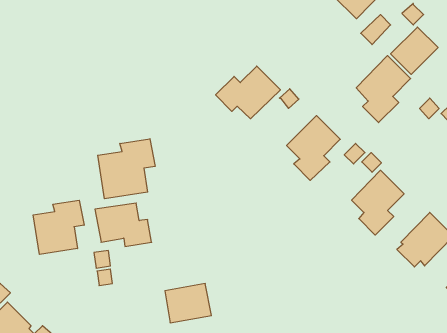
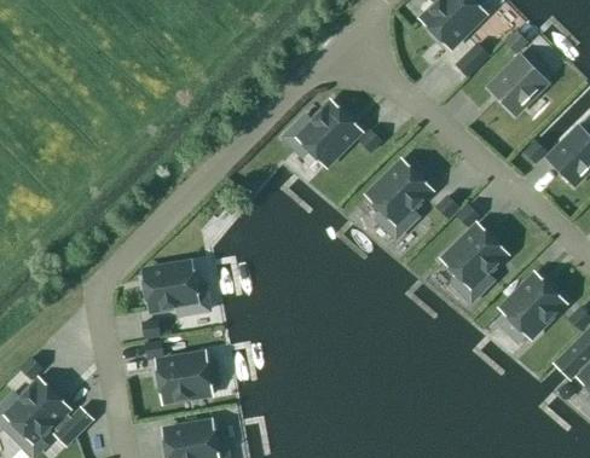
building: [356,56,411,123] -> none
building: [98,139,155,199] -> none
building: [33,200,84,254] -> none
building: [165,284,211,323] -> [157,354,212,400]

